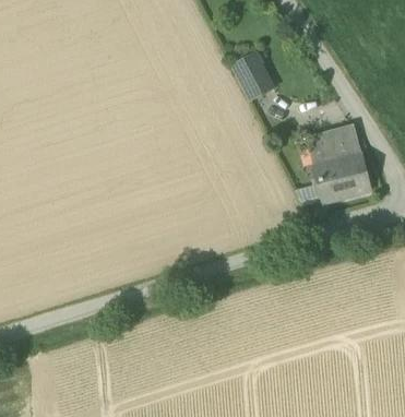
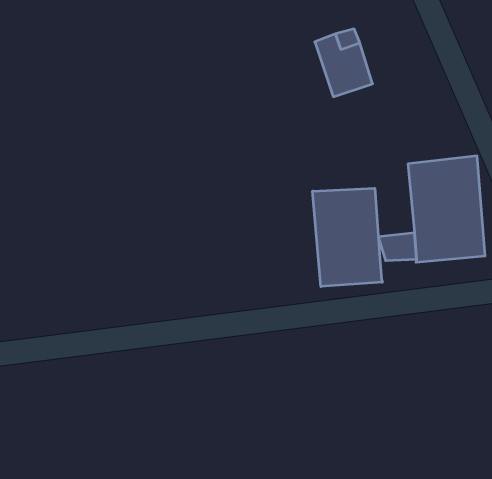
building: none -> [313,188,382,287]

